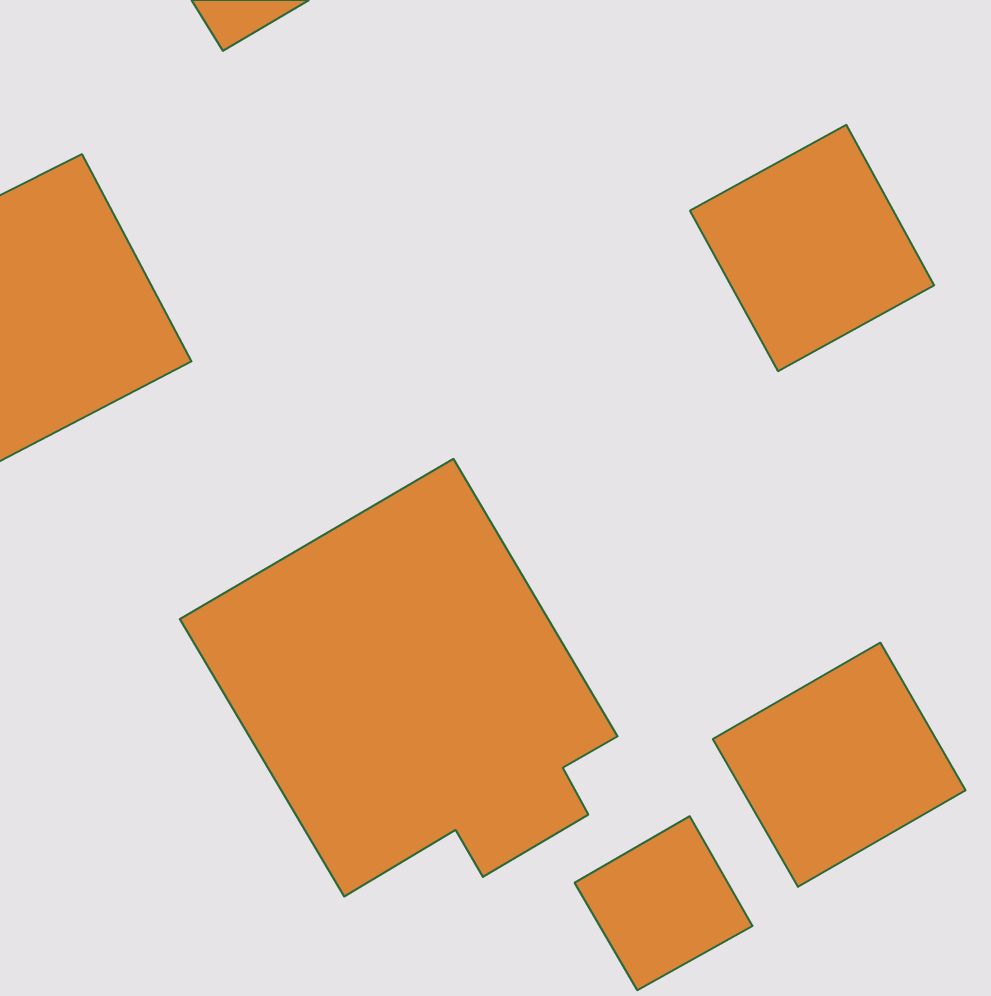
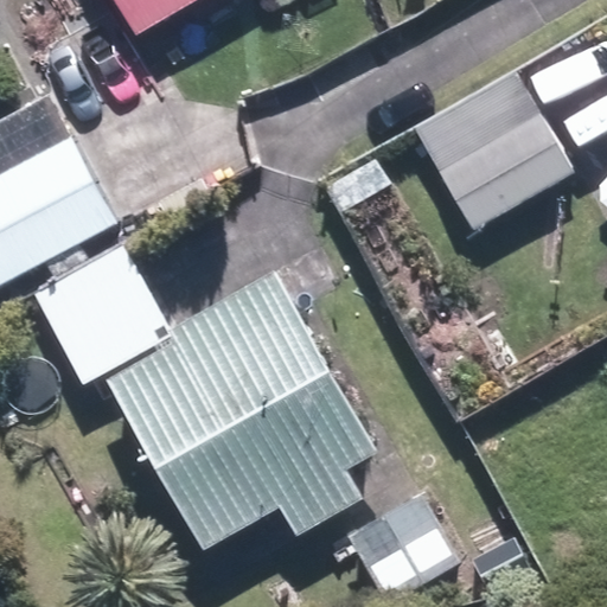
building: none -> [36,248,170,381]
building: [713,643,965,887] -> none

